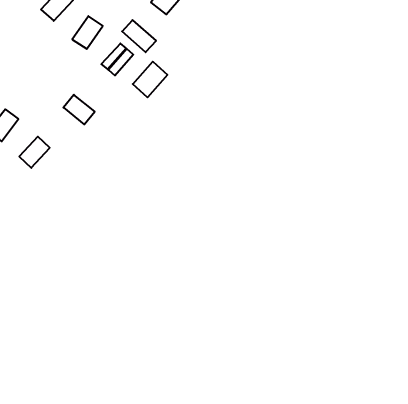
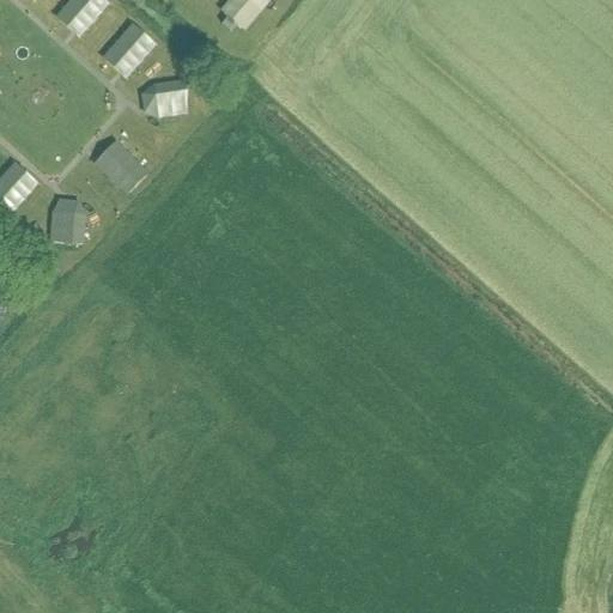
building: [122,20,156,52] -> none
building: [133,62,167,97] -> none

